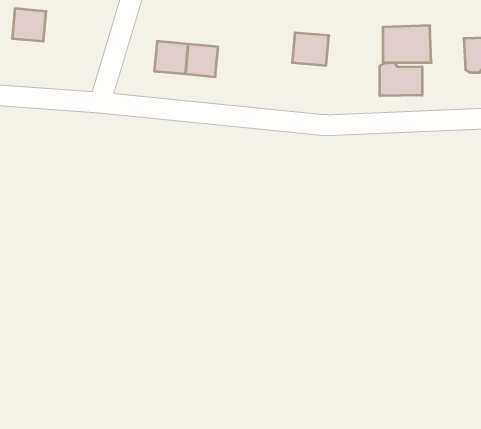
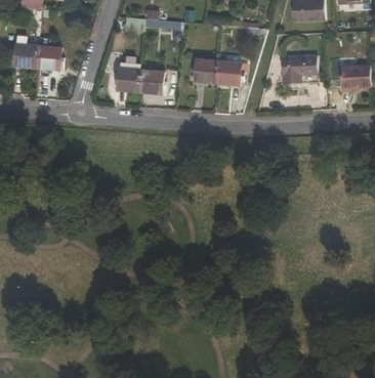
building: none -> [36,46,60,70]
building: none -> [195,59,217,83]
building: [380,63,422,96] -> none

